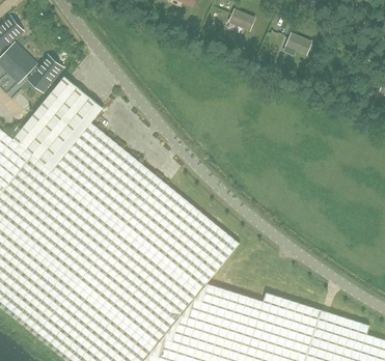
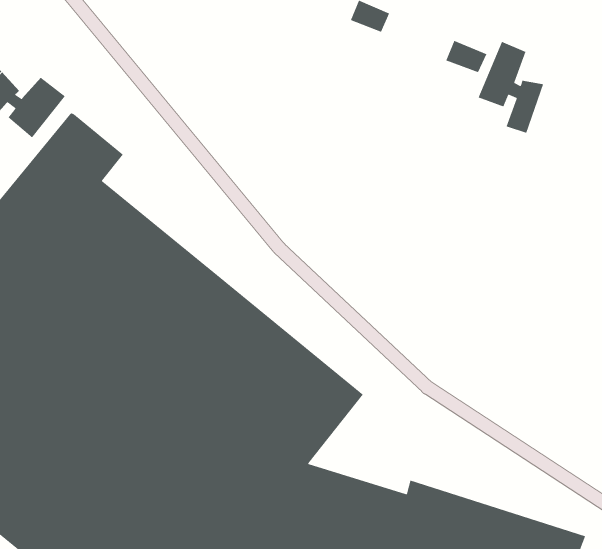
building: none -> [478,41,544,134]

